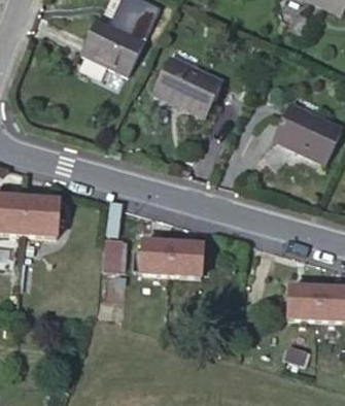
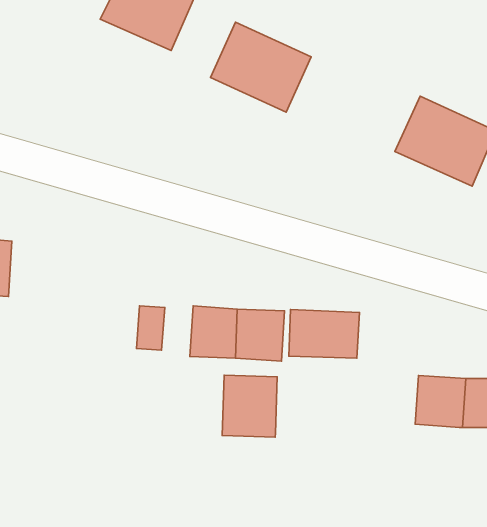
building: [22,199,59,237] -> none
building: none -> [289,310,359,358]
building: none -> [222,375,277,437]

